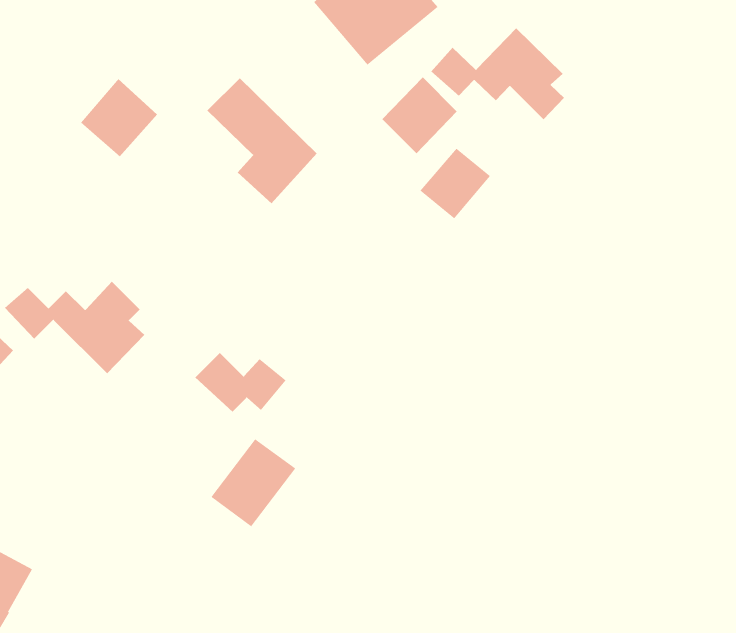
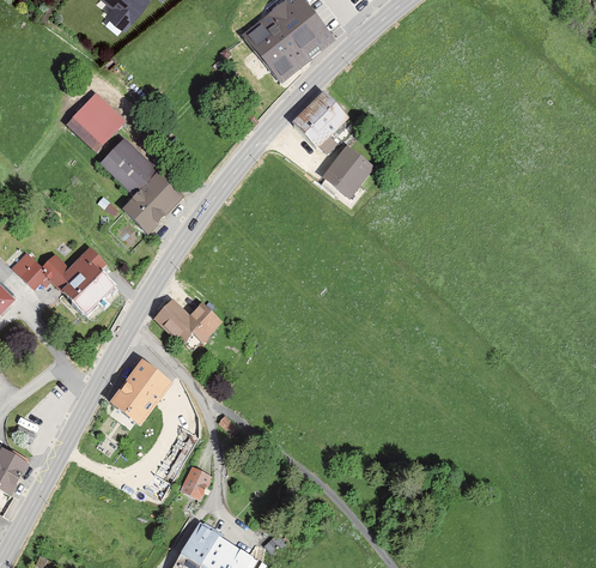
building: [430,27,565,120] -> none
building: [207,77,318,204] -> [99,138,183,234]
building: [210,438,296,527] -> [109,358,174,425]
building: none -> [177,465,211,501]

